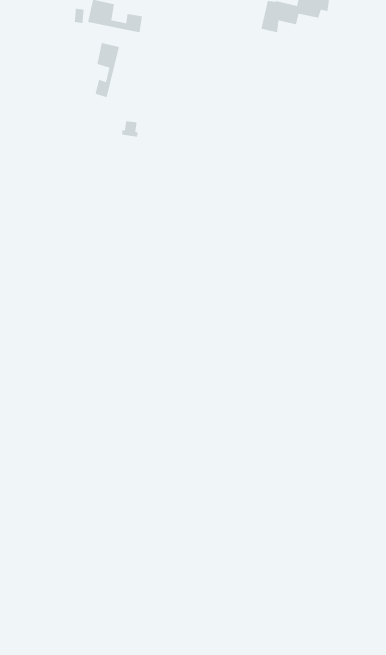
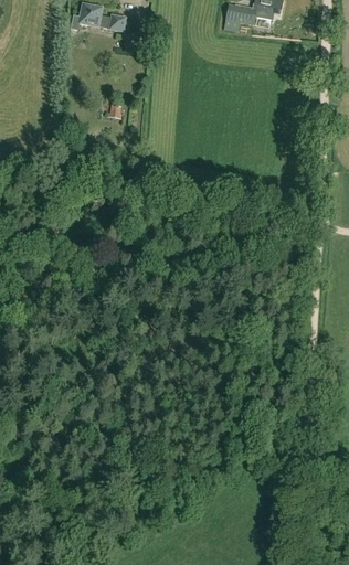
building: [94,42,120,98] -> none

